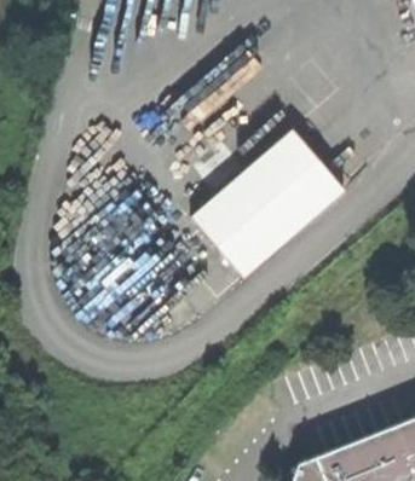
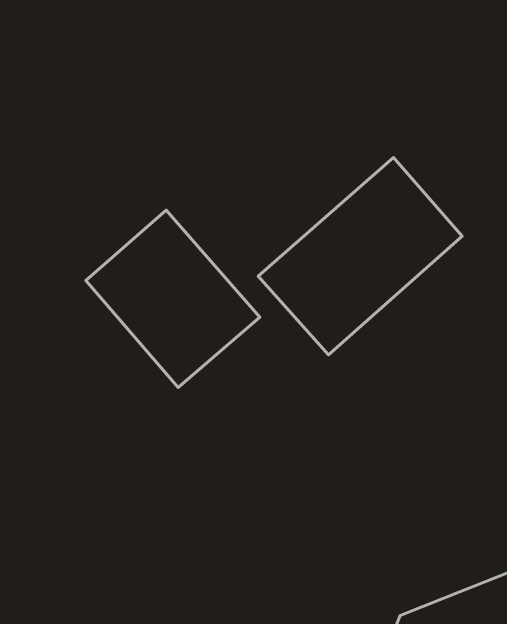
building: none -> [86,210,260,388]

